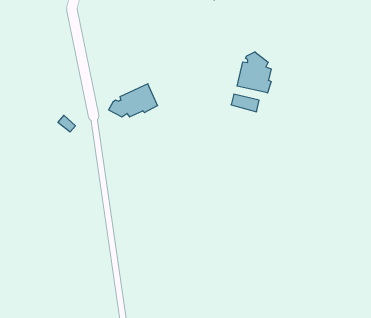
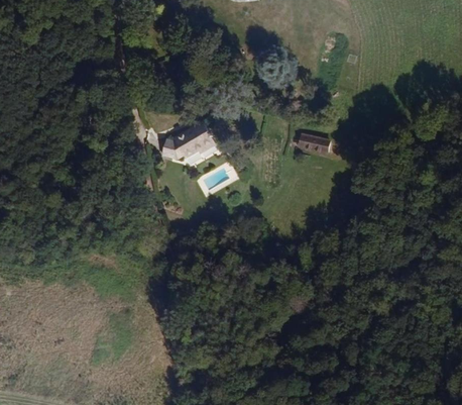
building: [237,52,271,93] -> none

